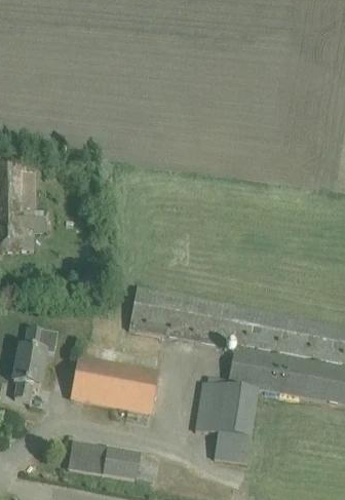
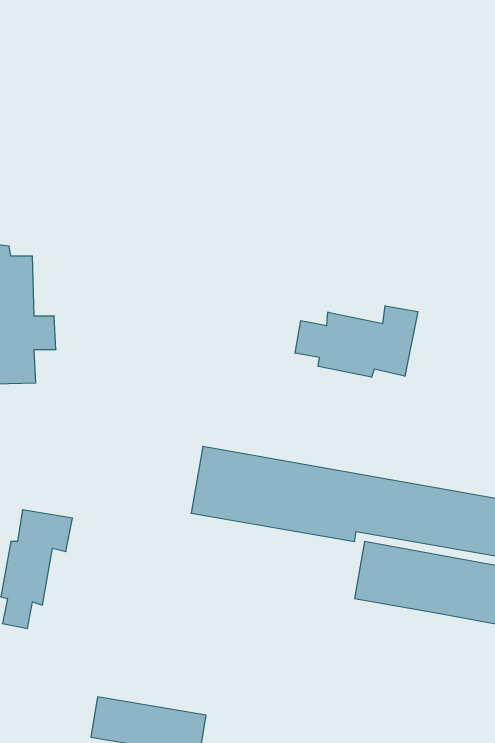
building: none -> [295,306,418,377]
building: [69,356,160,412] -> none
building: [193,380,257,463] -> none

